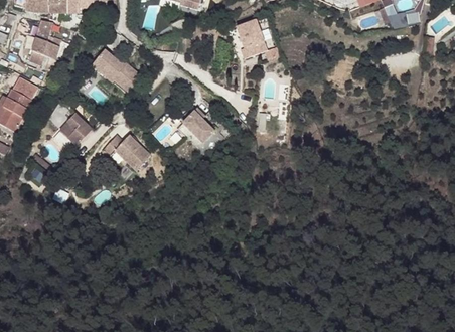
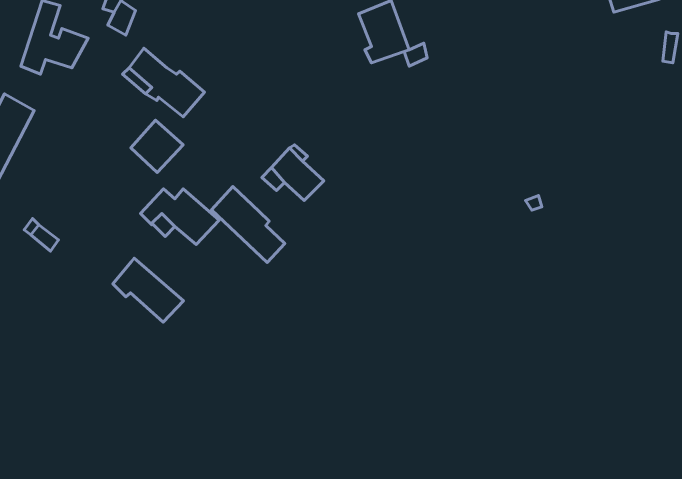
building: [59,113,92,145] -> [131,120,183,173]
building: none -> [212,186,285,263]
building: none -> [113,258,184,322]

